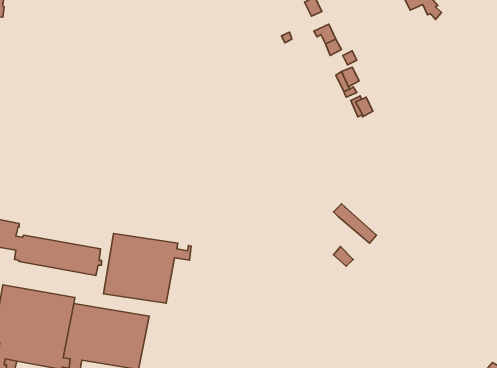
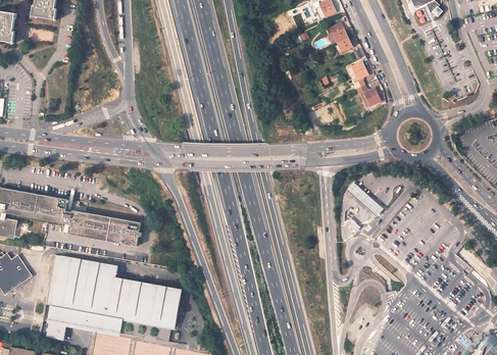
building: [103,233,191,303] -> none

